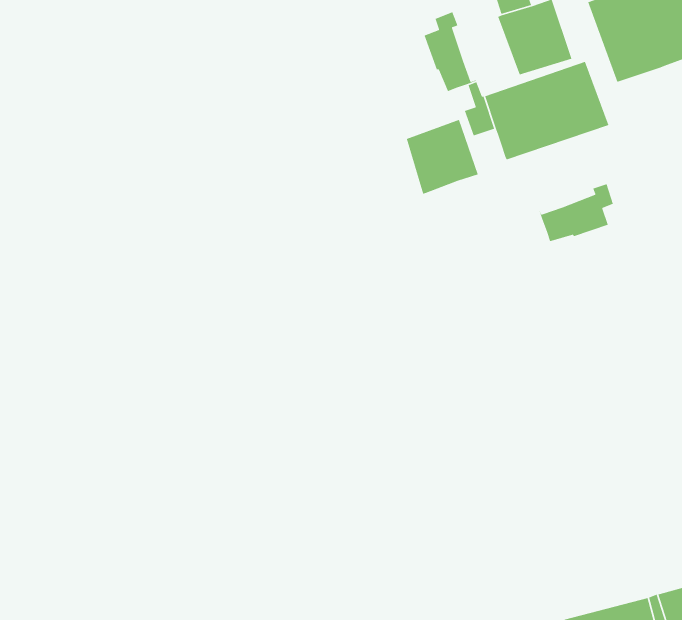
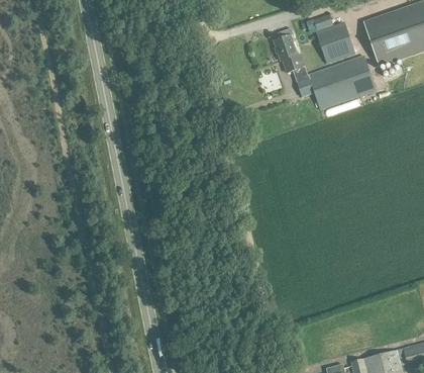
building: [406,119,479,194] -> none
building: [538,183,614,242] -> none

